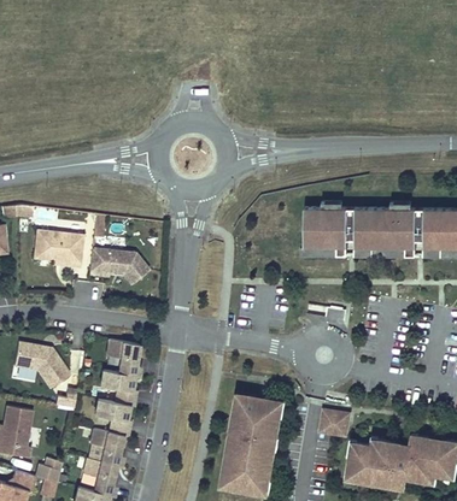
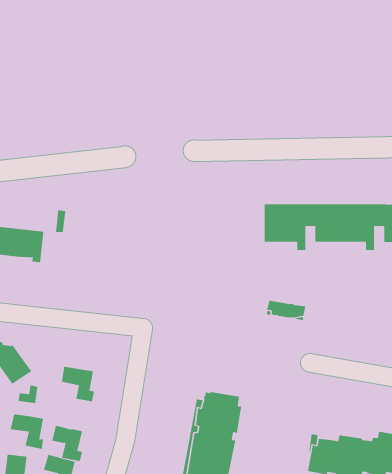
building: [89,249,150,285] -> none
building: [107,340,139,377] -> none
building: [94,401,128,437] -> [10,414,44,450]
building: [318,409,348,436] -> none

